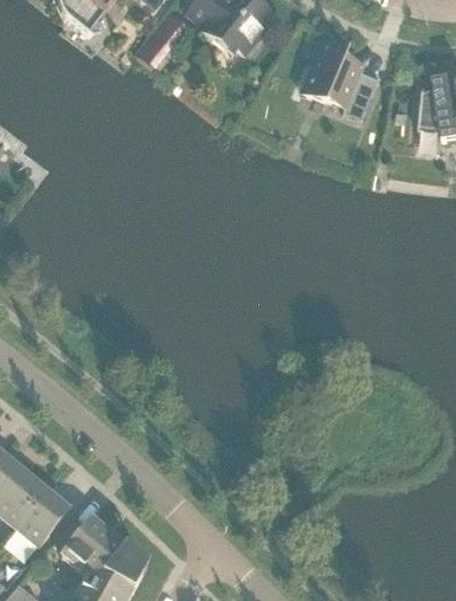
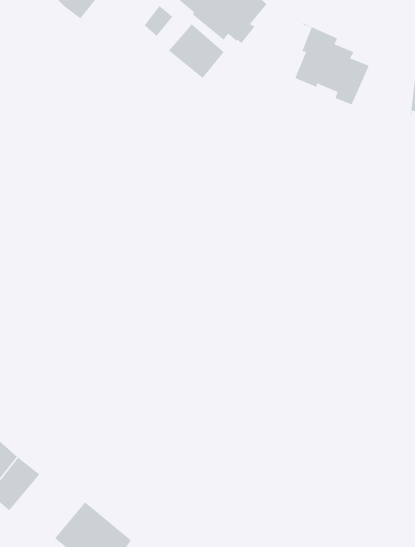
building: none -> [168,23,225,79]
building: [14,489,68,544] -> none

